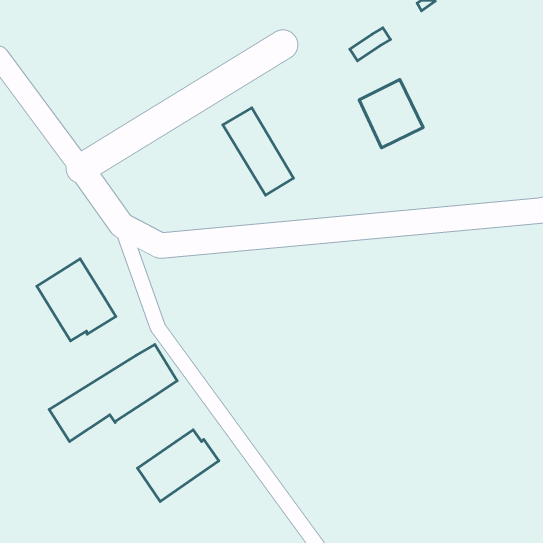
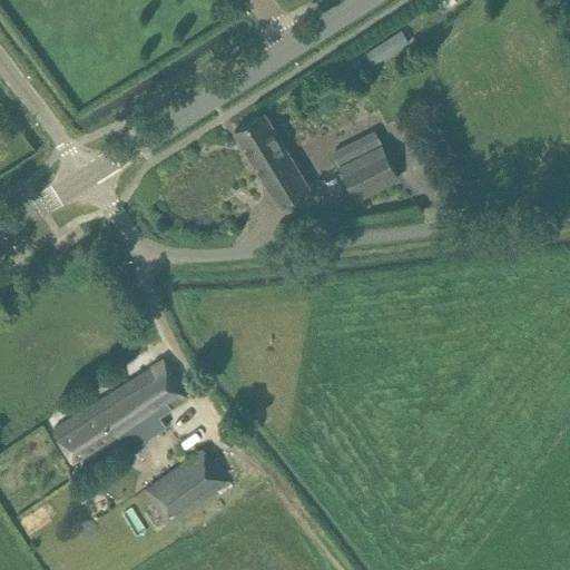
building: [359,80,423,148] -> [332,130,399,202]
building: [37,259,116,341] -> none

